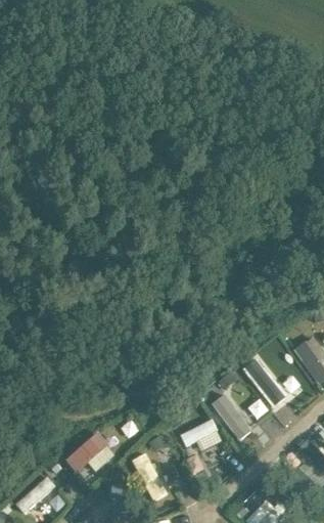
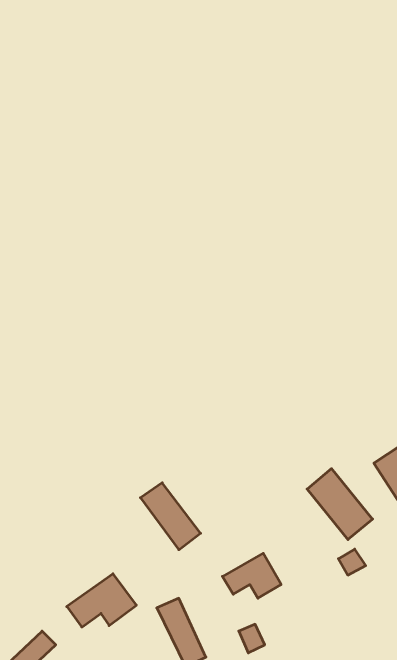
building: [211,392,256,442] -> [140,483,201,550]

